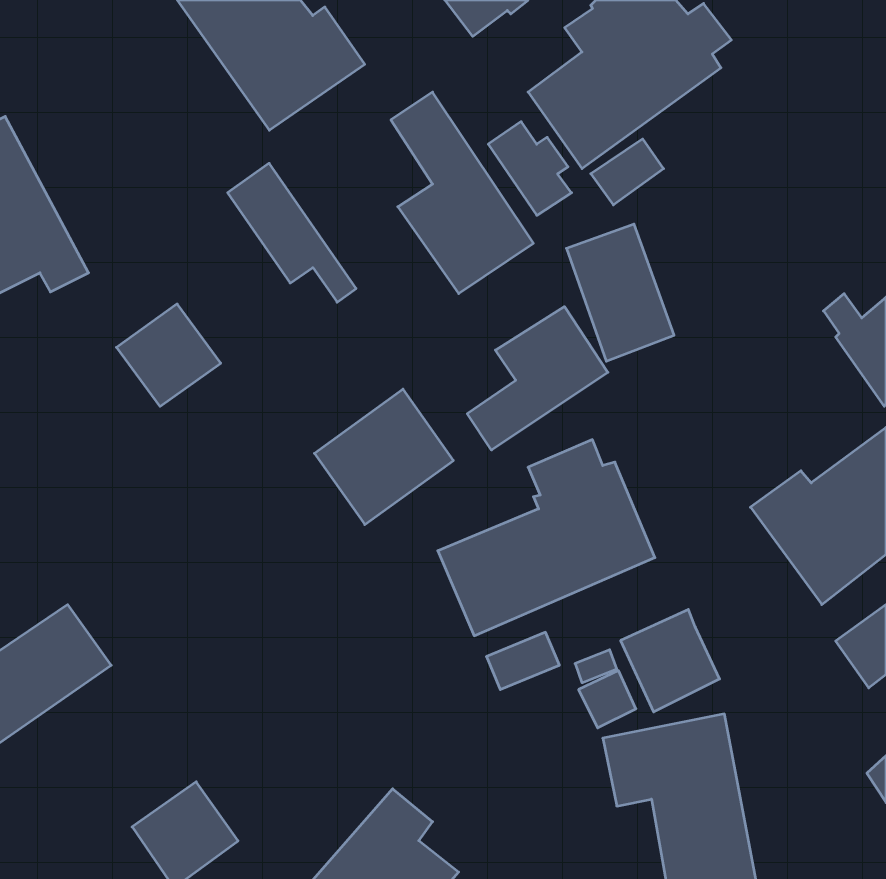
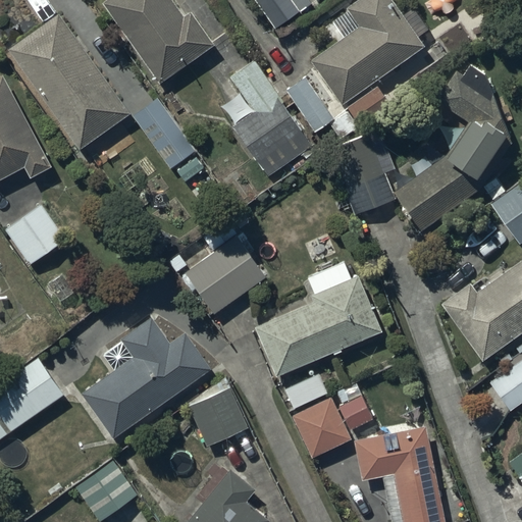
building: none -> [8,16,129,152]
building: none -> [396,61,511,228]
building: [116,304,221,406] -> [4,204,65,264]
building: [467,307,608,450] -> none
building: none -> [80,315,210,436]
building: [621,609,720,712] -> [294,400,352,460]
building: none -> [190,392,249,450]

